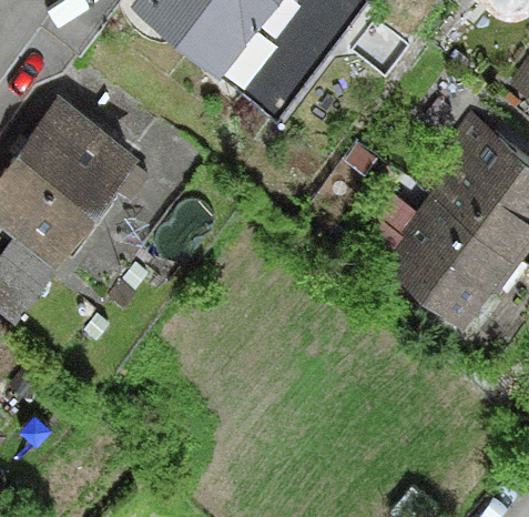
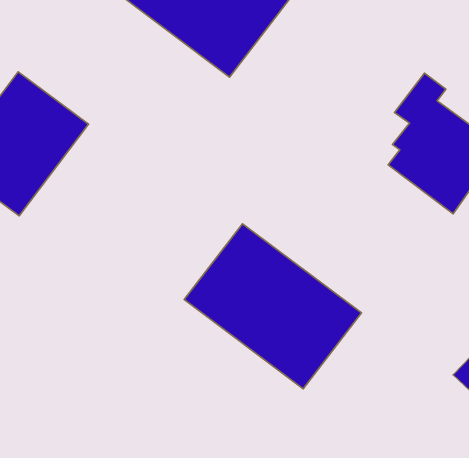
building: [390,203,509,323] -> none
building: none -> [184,224,361,389]

